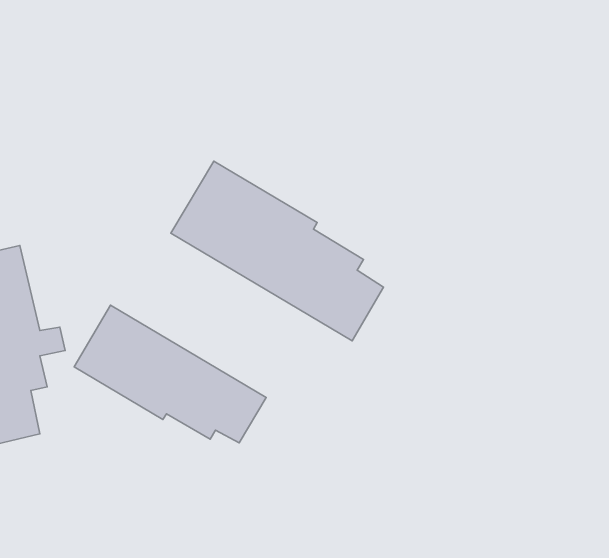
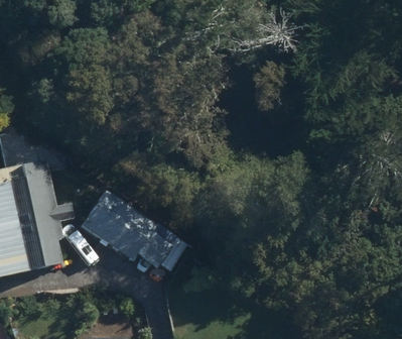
building: [171,161,383,341] -> none

